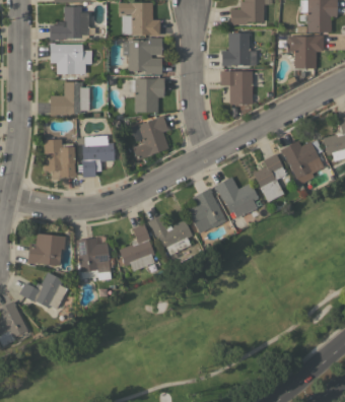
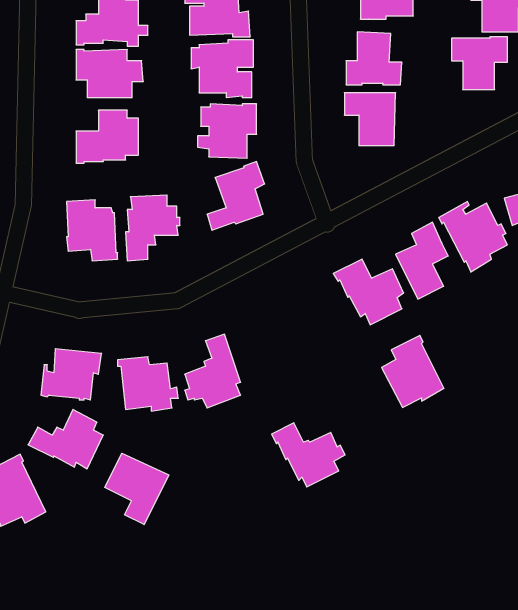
building: [186,188,225,233] -> [382,335,444,407]
building: [147,214,194,255] -> [272,423,345,487]
building: none -> [105,453,169,525]

